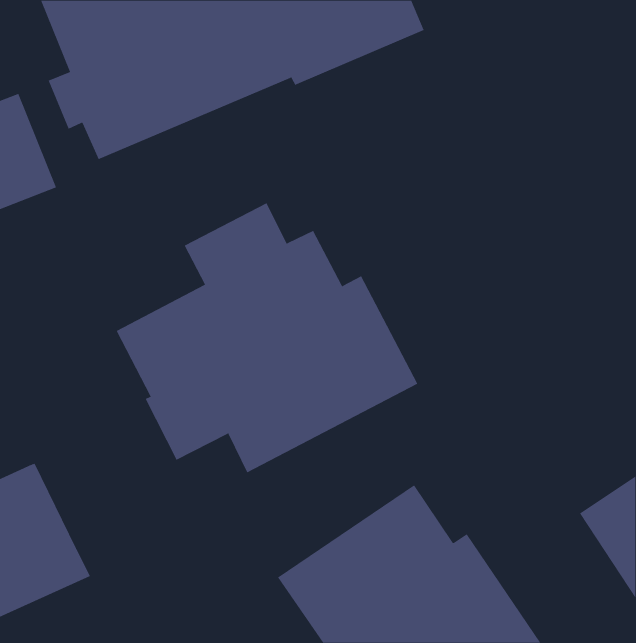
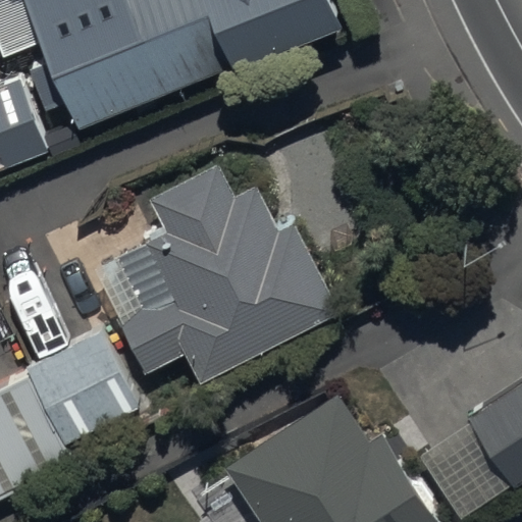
building: none -> [23,295,139,445]

